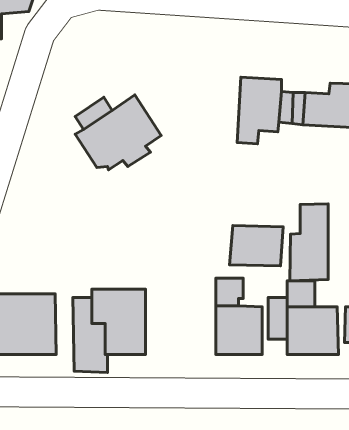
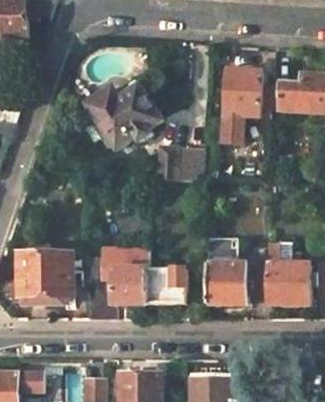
building: [290,204,328,281] -> none
building: [229,226,283,266] -> [155,145,201,179]
building: none -> [146,267,185,303]

